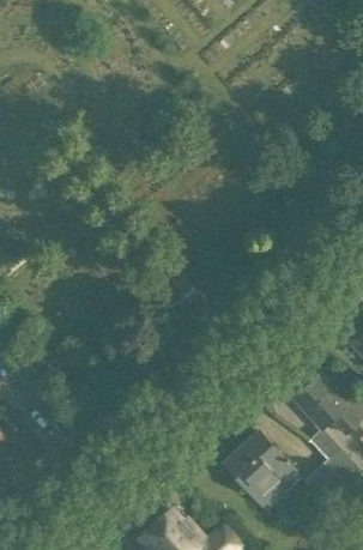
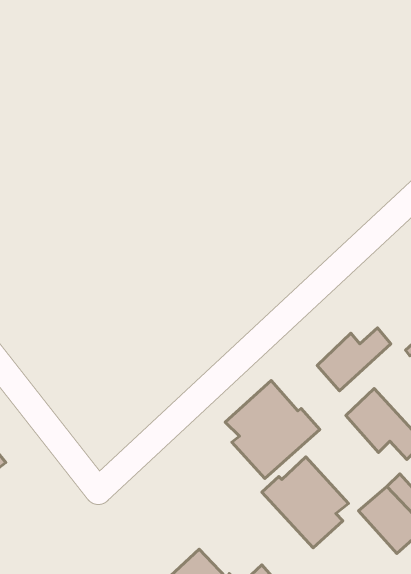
building: none -> [317,328,391,391]
building: none -> [225,381,320,479]

